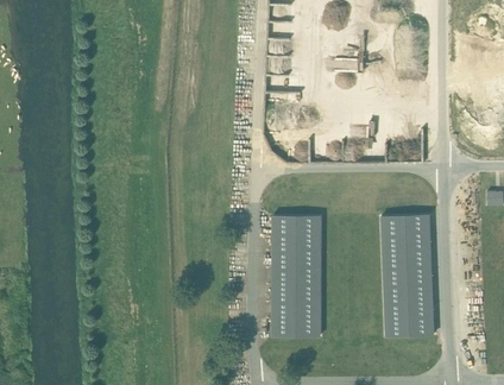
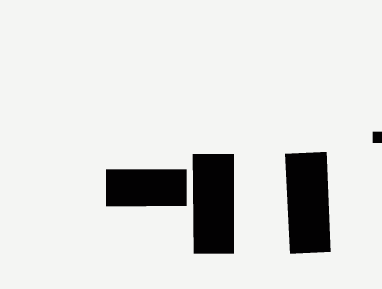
building: none -> [106,169,187,207]

